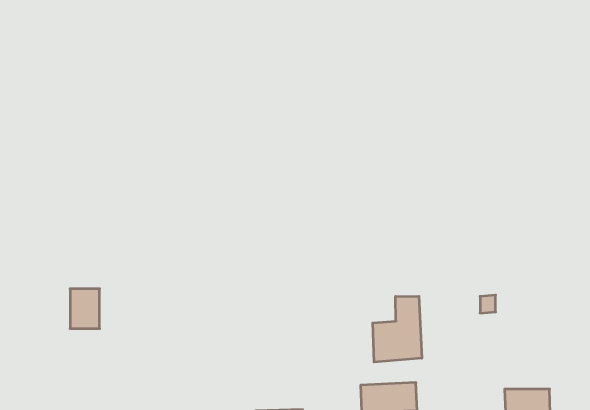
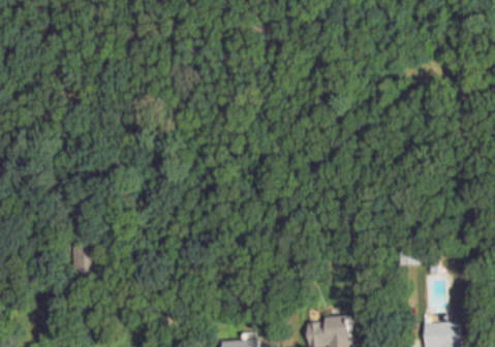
building: [373,296,422,362] -> none

